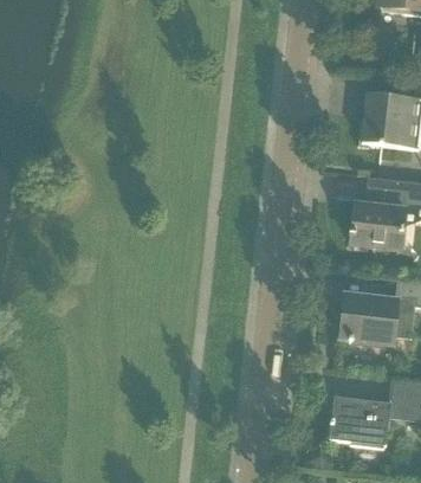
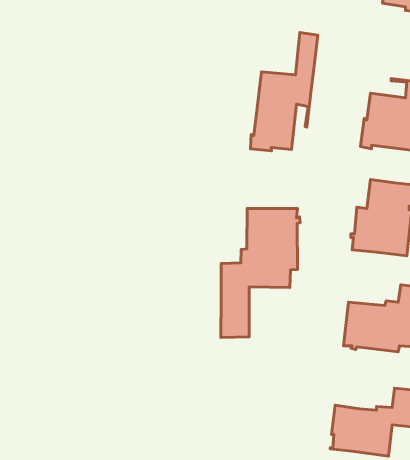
building: none -> [250,33,318,151]
building: none -> [221,208,300,338]

